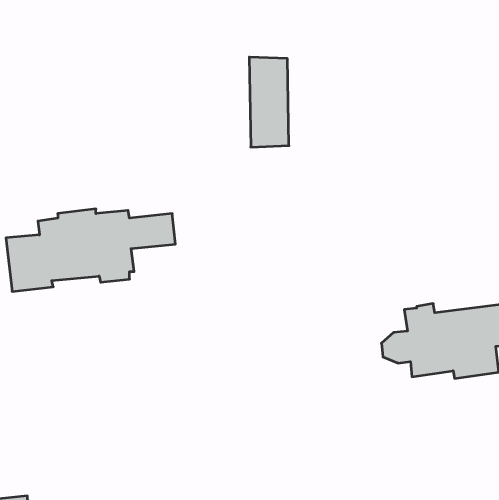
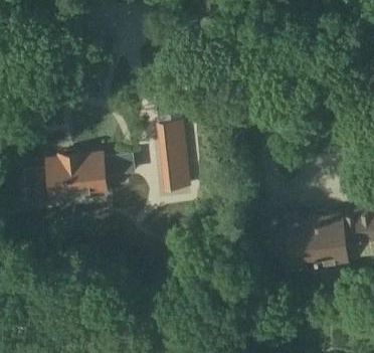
building: [249,57,289,147] -> [160,120,186,179]

